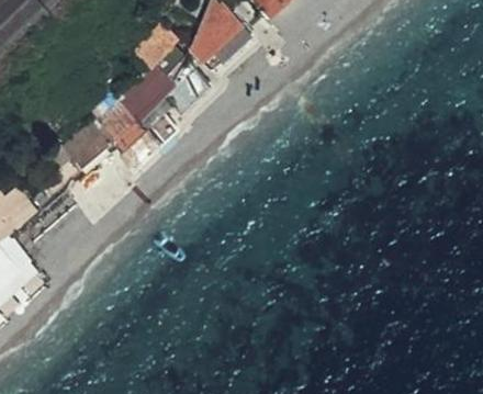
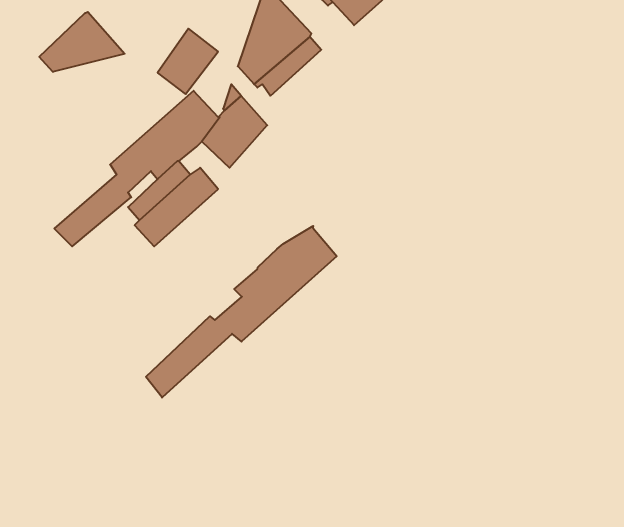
building: none -> [39,12,125,72]
building: none -> [146,226,337,398]

